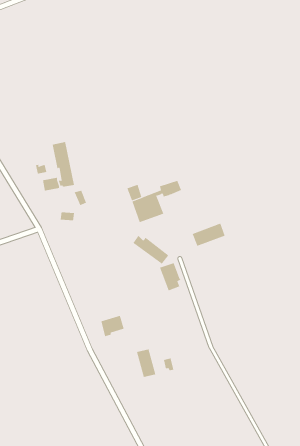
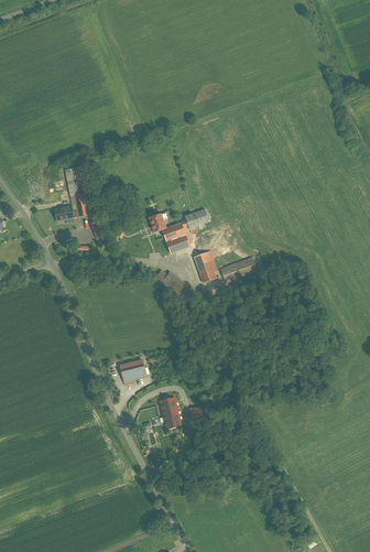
building: [159,263,181,291] -> [194,250,218,282]

